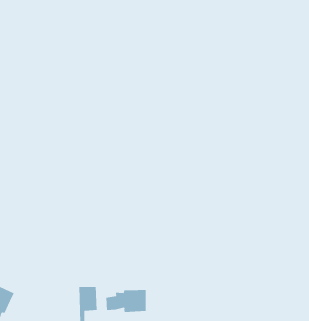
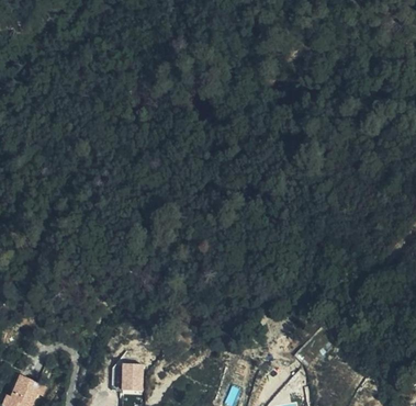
building: [106,289,146,313] -> none

